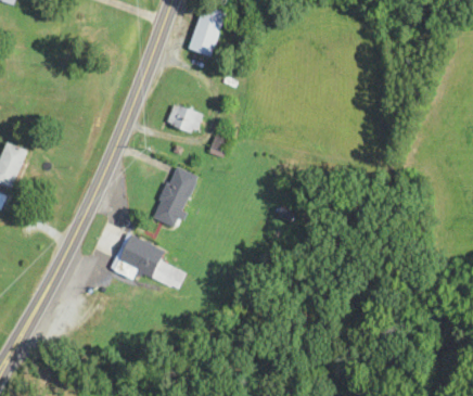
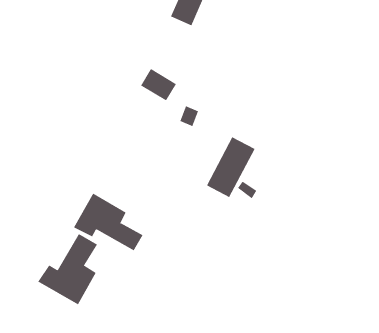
building: [152,166,197,228] -> [206,137,255,198]
building: none -> [37,233,98,305]

